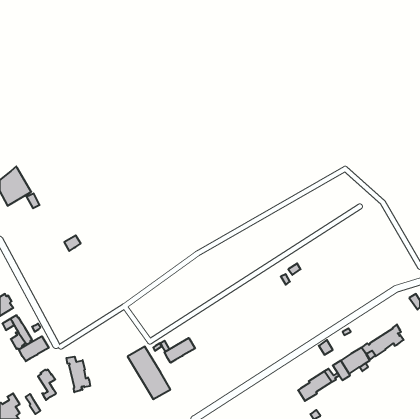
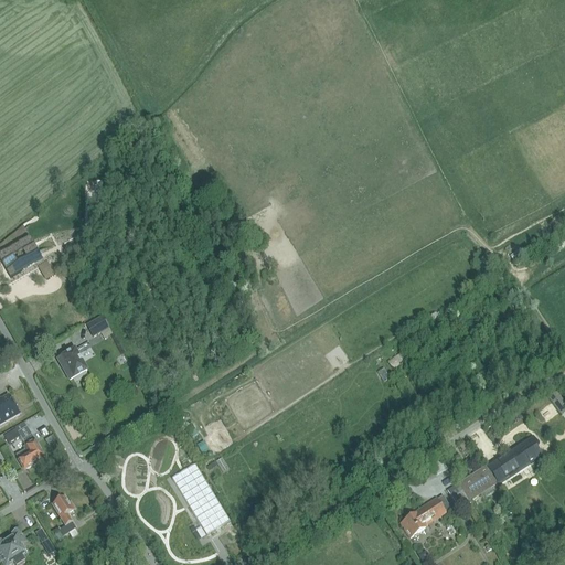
building: none -> [56,348,87,380]
building: [19,336,49,361] -> none
building: [164,338,195,363] -> none
building: [66,357,90,392] -> none

